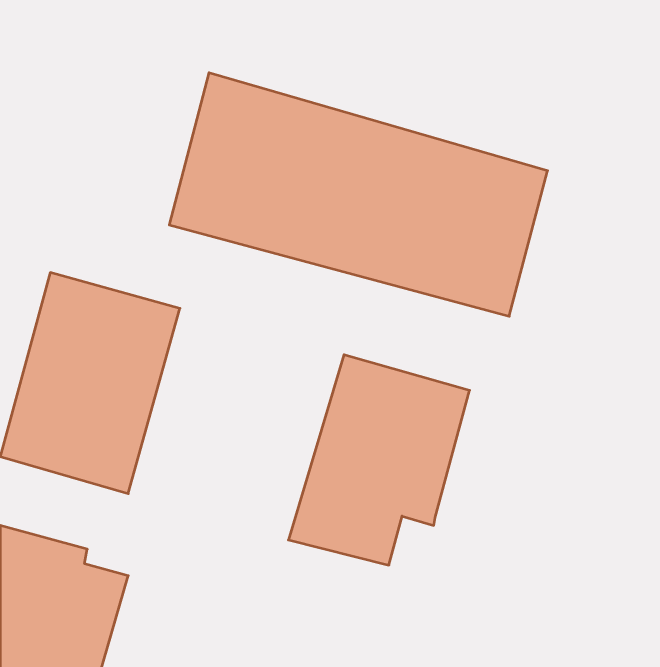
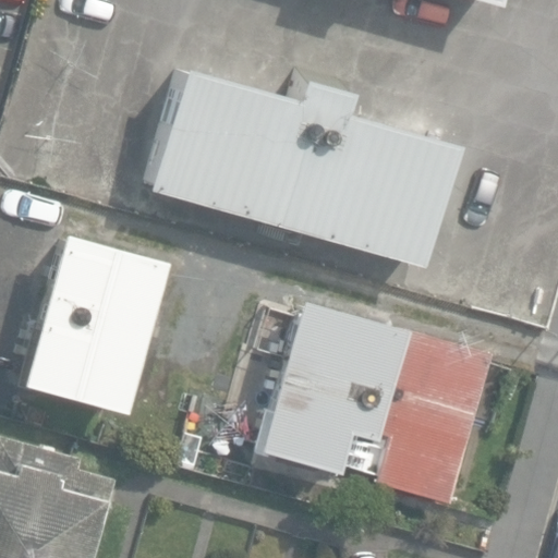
building: none -> [372,329,493,505]

